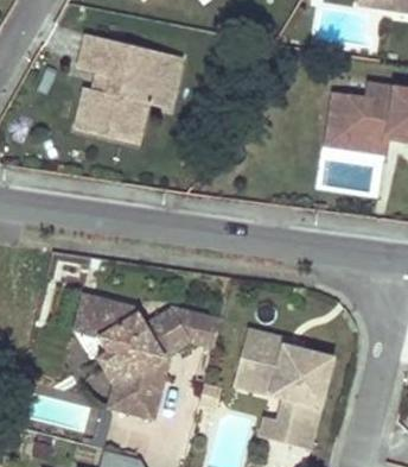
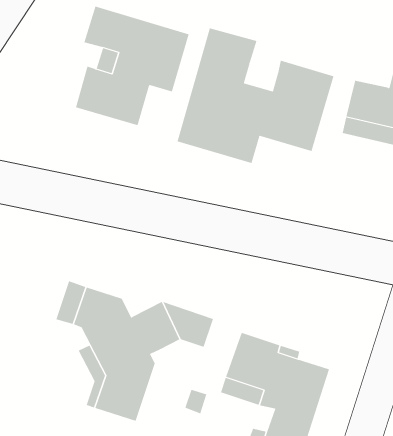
building: none -> [177,27,334,164]

